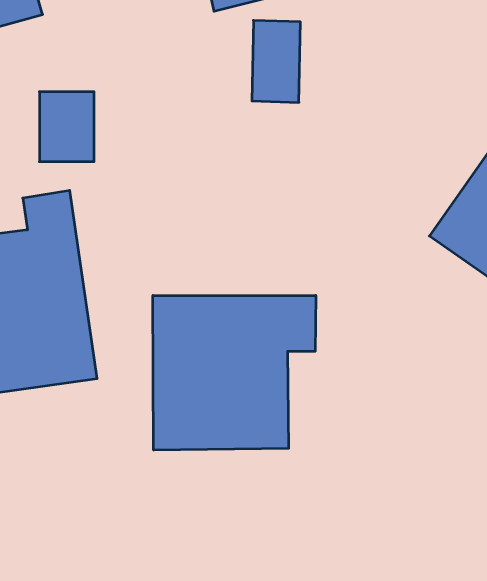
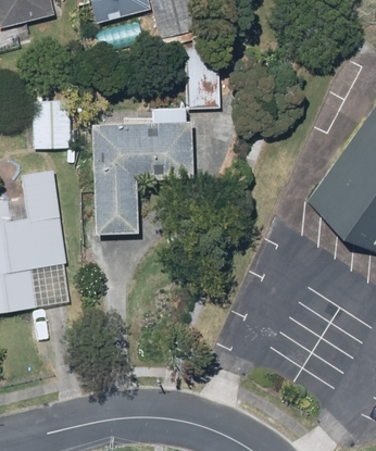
building: none -> [89,109,189,230]
building: [153,295,316,450] -> none

